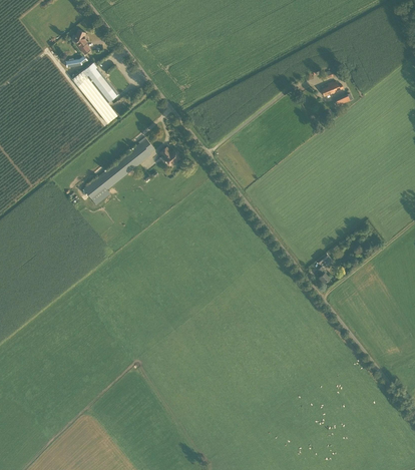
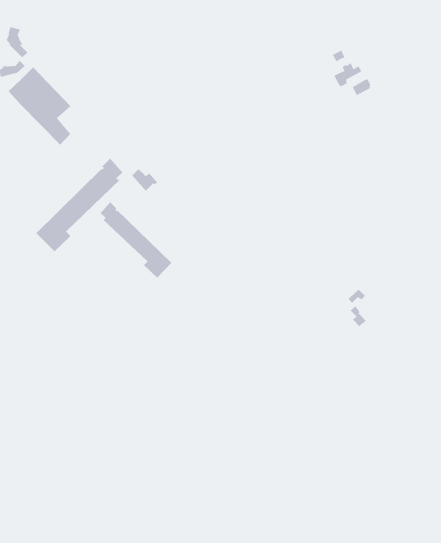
building: none -> [100,202,172,278]

